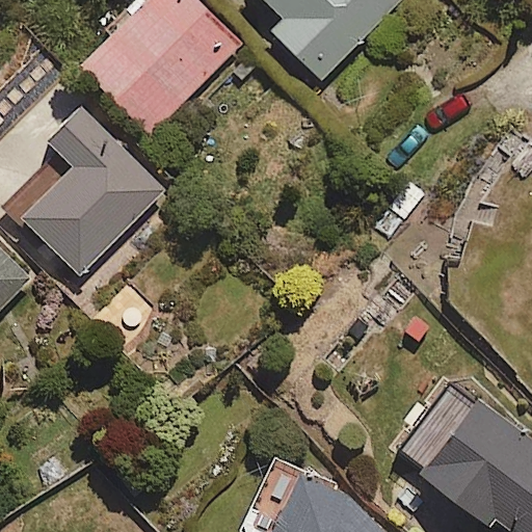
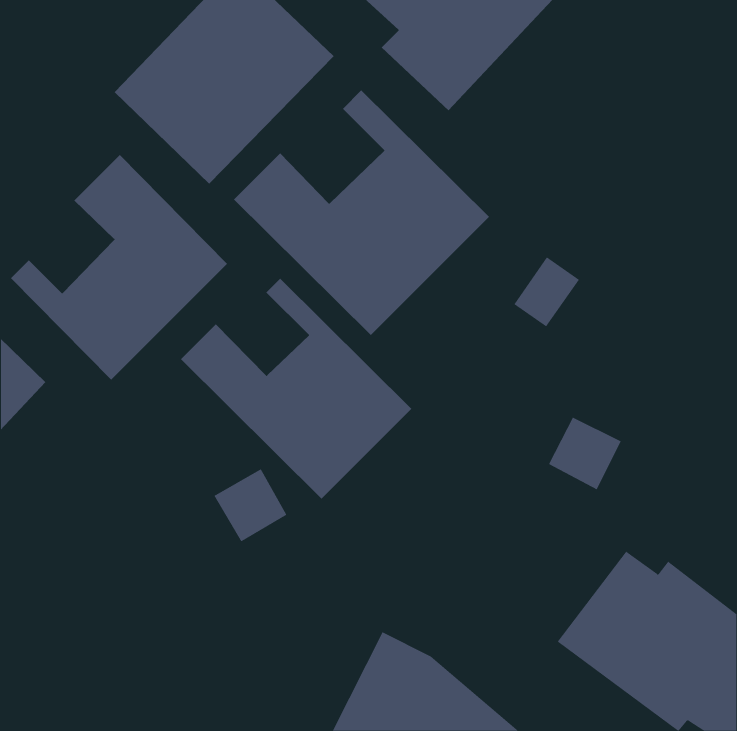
building: none -> [233,90,490,336]
building: none -> [180,278,412,499]

